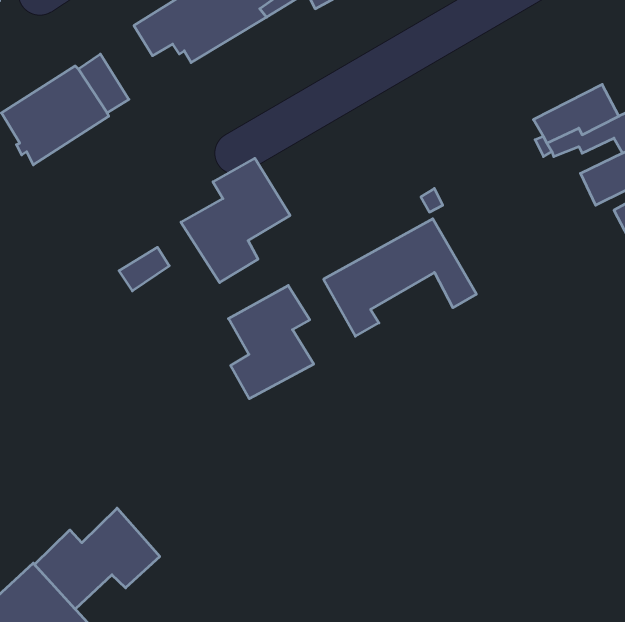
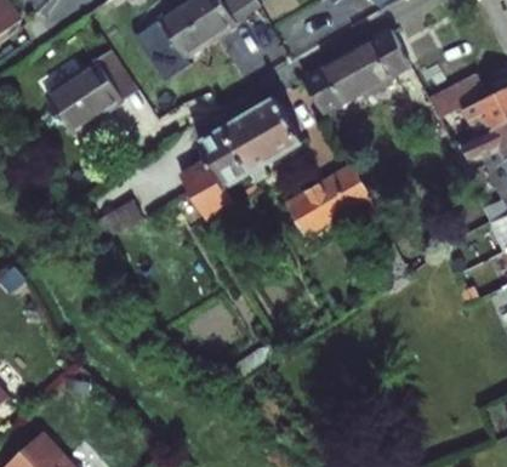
building: none -> [296,34,403,115]
building: none -> [217,102,289,170]
building: [228,285,314,399] -> none
building: [35,508,160,609] -> none

